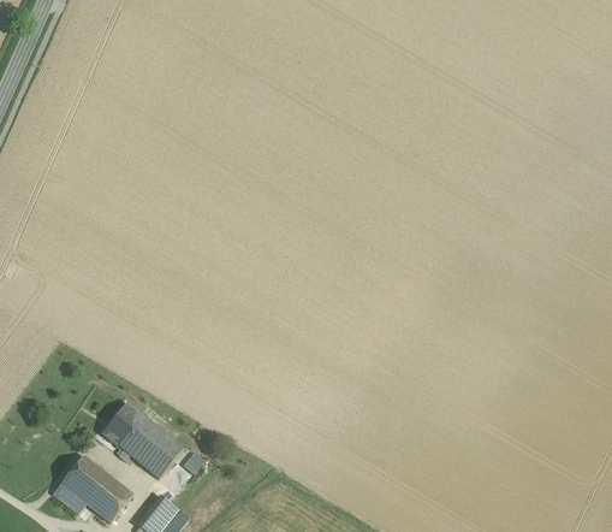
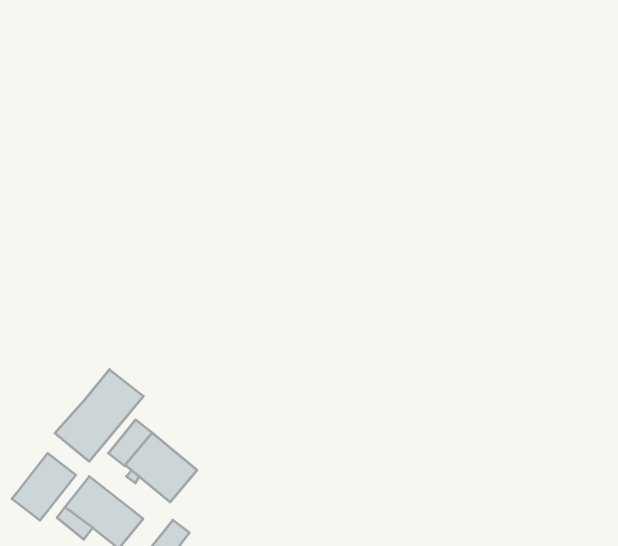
building: none -> [55,369,143,461]
building: none -> [12,453,76,520]

